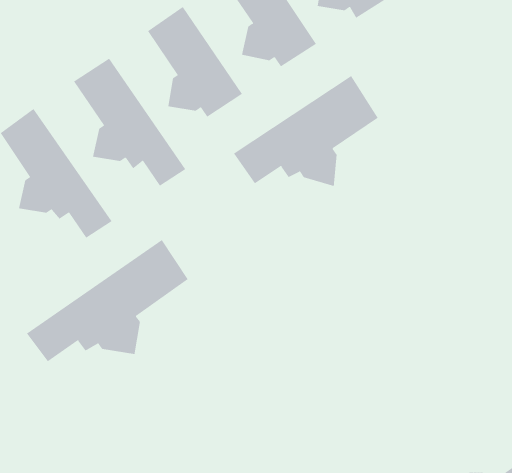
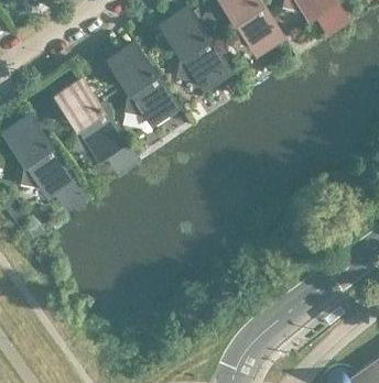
building: [233,75,378,187] -> none
building: [26,239,189,362] -> none

